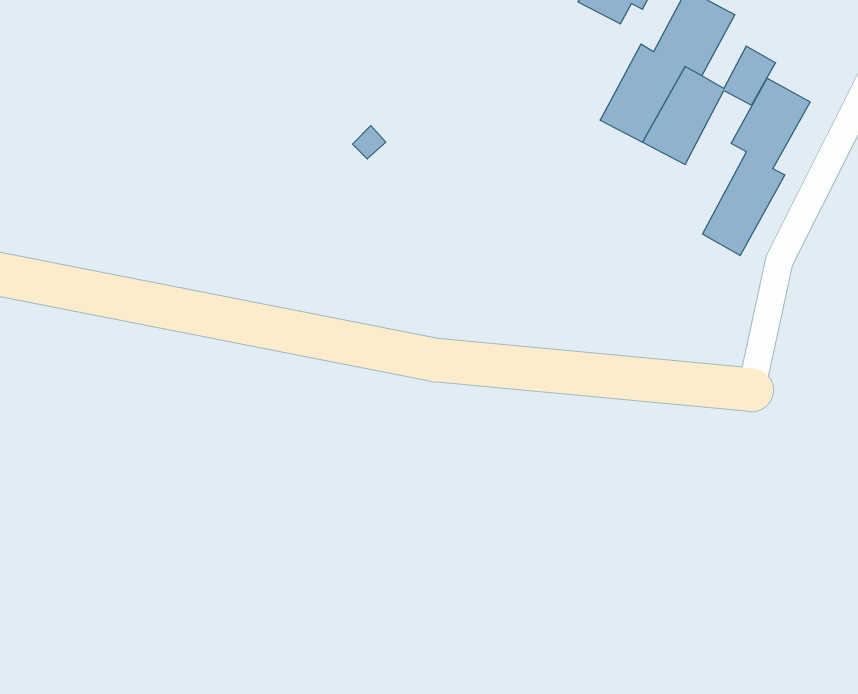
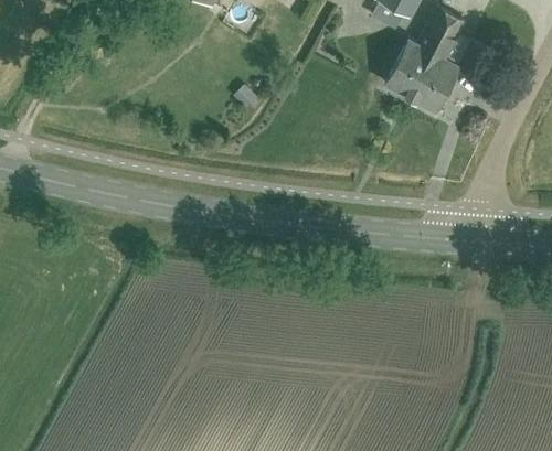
building: [703,78,810,256] -> none

